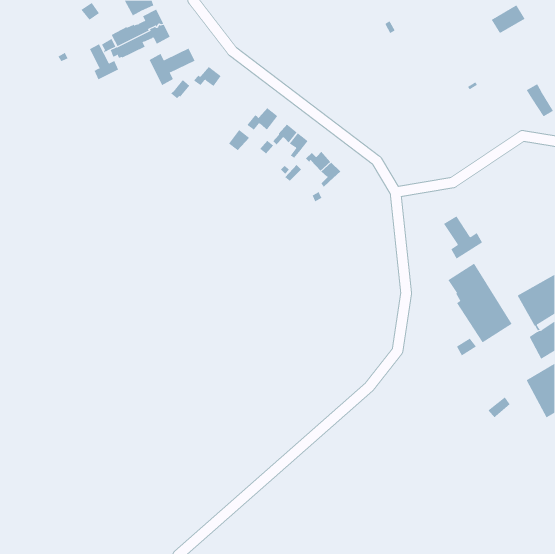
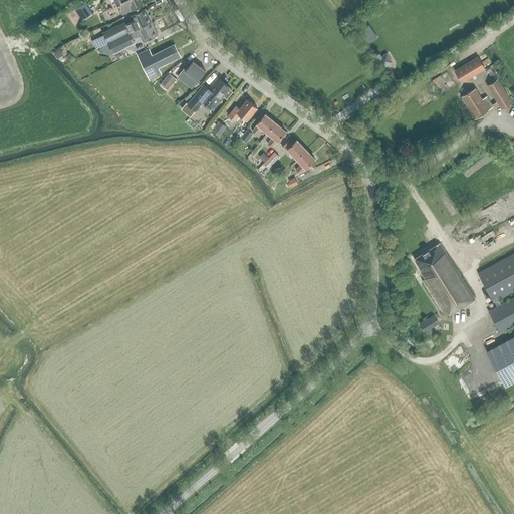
building: [491,5,526,34] -> [454,56,486,83]
building: [89,44,119,80] -> none
building: none -> [188,79,233,112]
building: none -> [462,89,492,119]
building: [443,215,483,259] -> none

